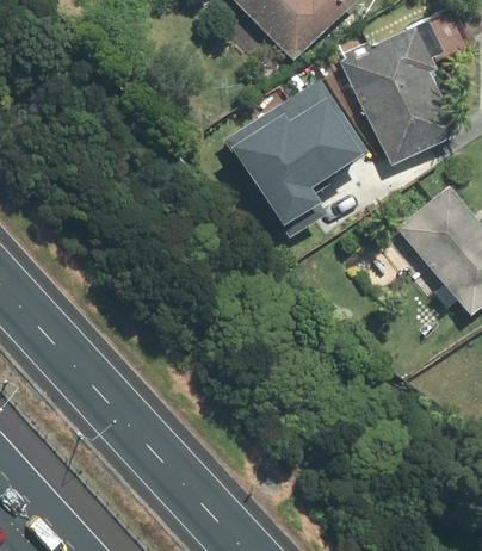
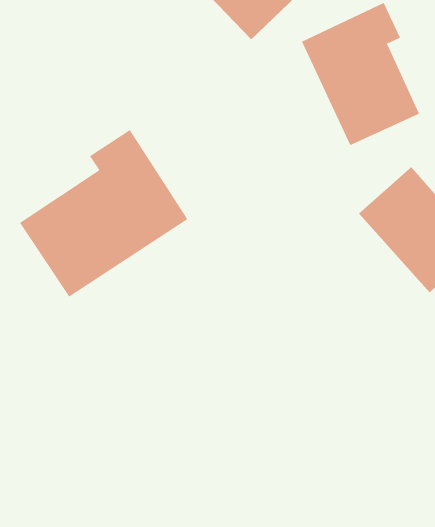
building: [228,93,359,225] -> none
building: none -> [19,129,188,298]

